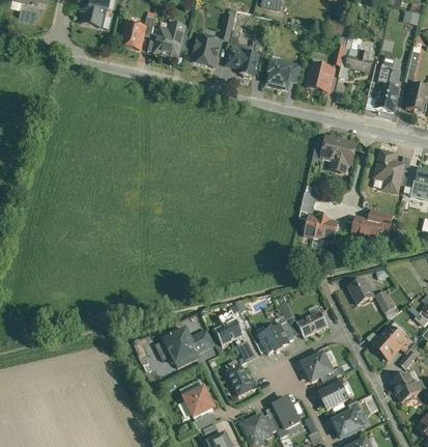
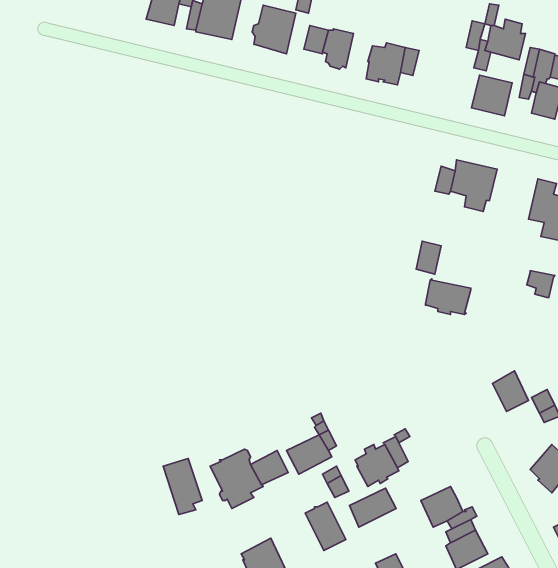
building: [307,64,334,91] -> [472,75,512,116]
building: [352,217,380,240] -> none
building: [297,311,329,337] -> [349,488,396,527]

